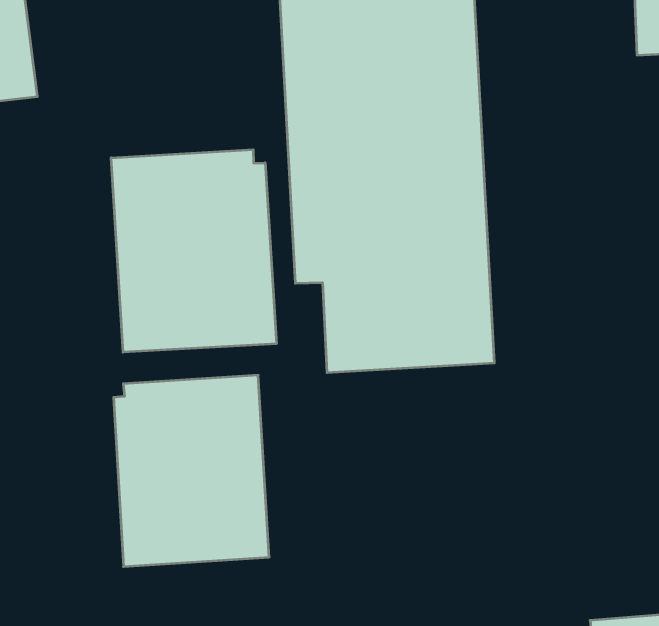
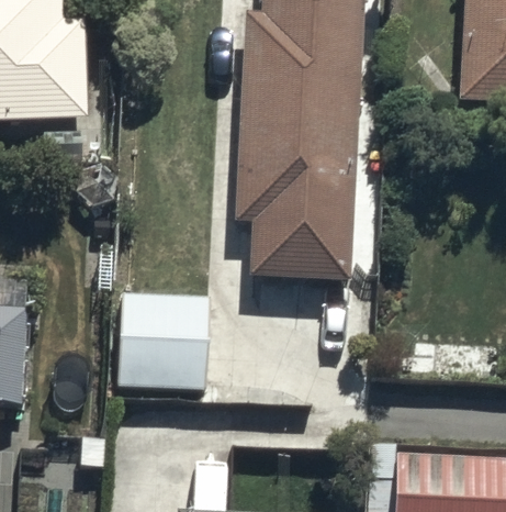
building: [111,150,276,352] -> none

